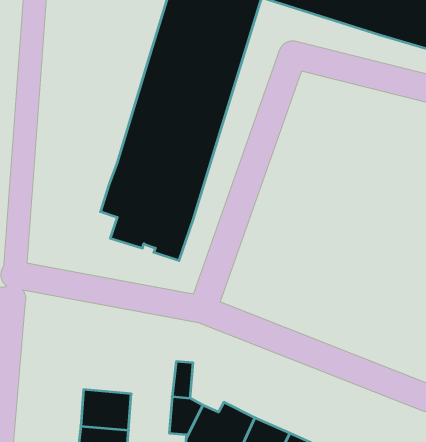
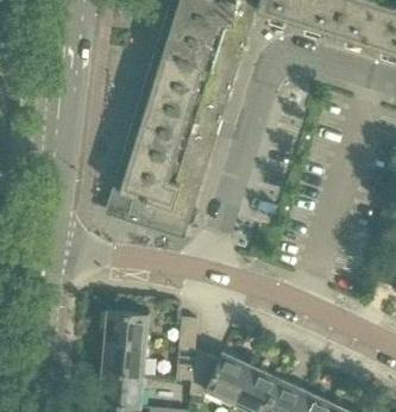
building: none -> [103,313,147,348]

